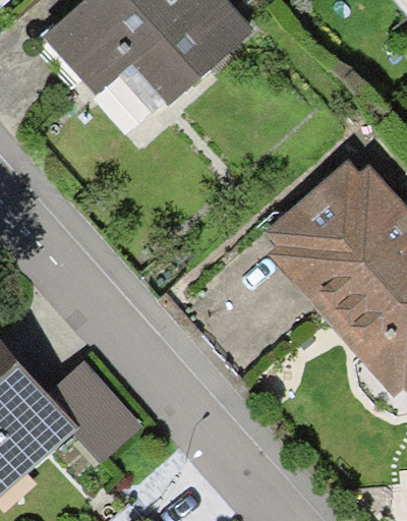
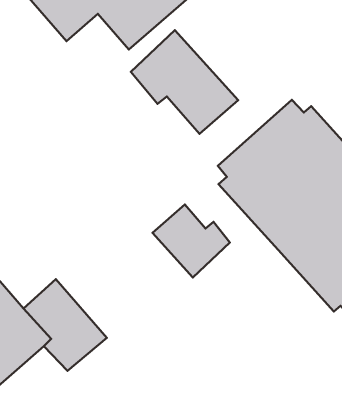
building: none -> [131,30,238,134]
building: none -> [152,205,230,277]

